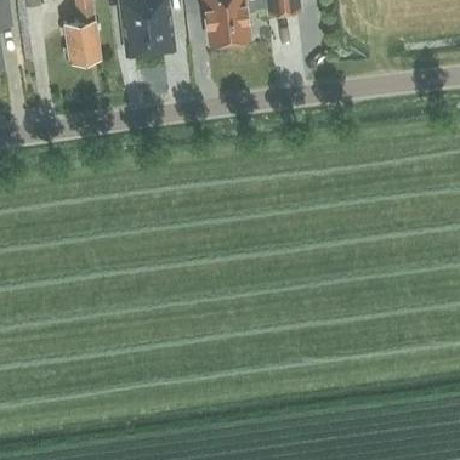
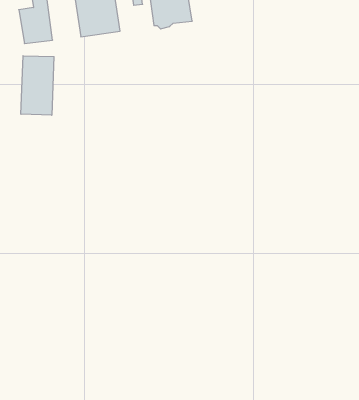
building: none -> [21,56,54,115]

